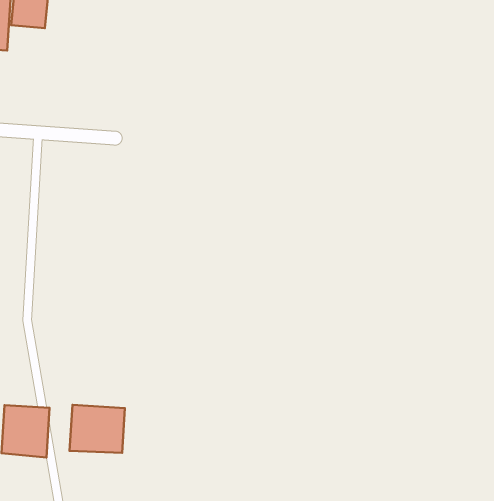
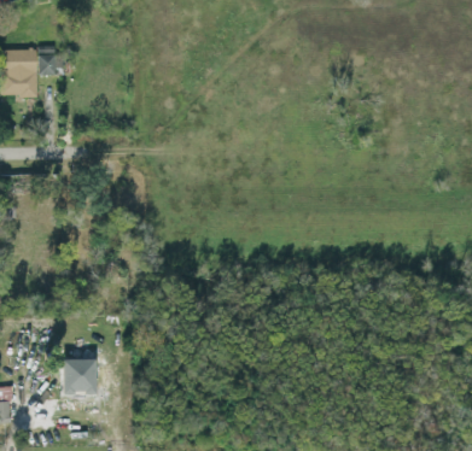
building: [70,405,125,453] -> none

